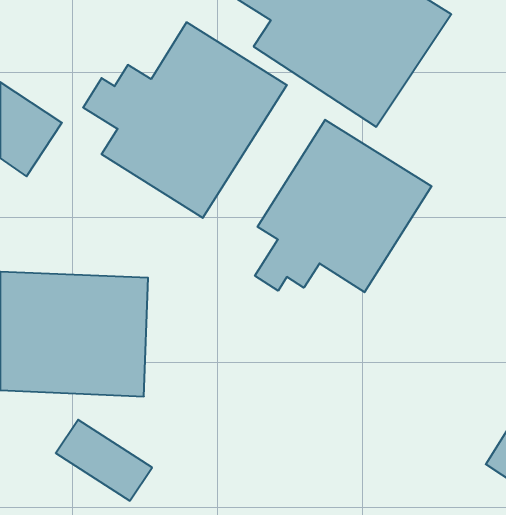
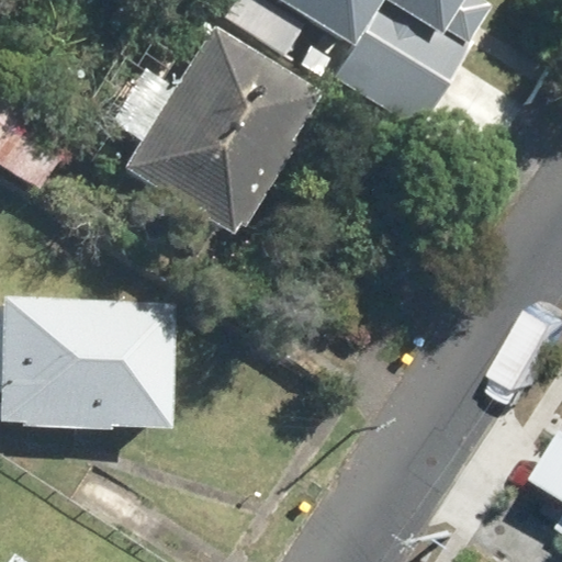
building: [255,120,432,292] -> none

